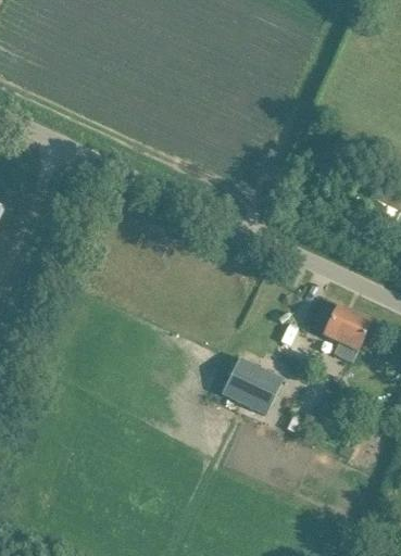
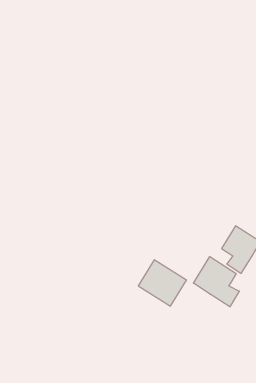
building: none -> [193,257,239,307]

